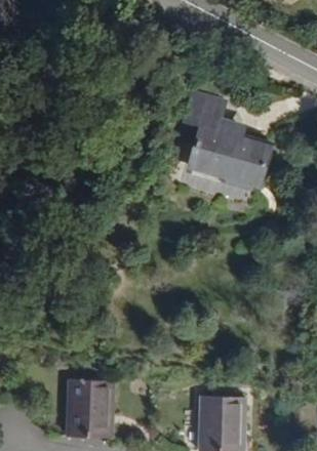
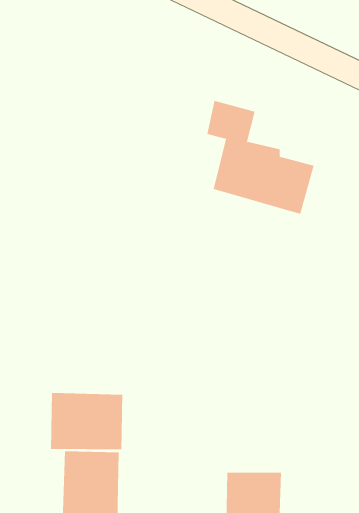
building: none -> [50,392,123,450]

